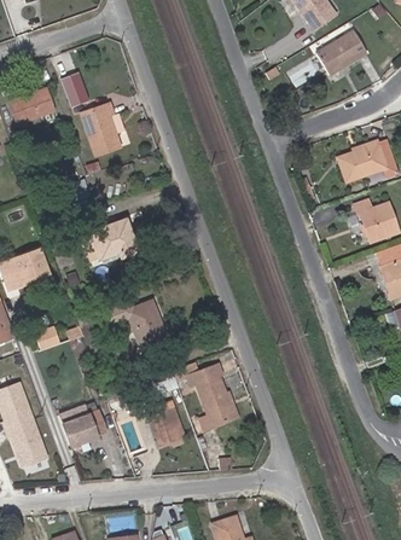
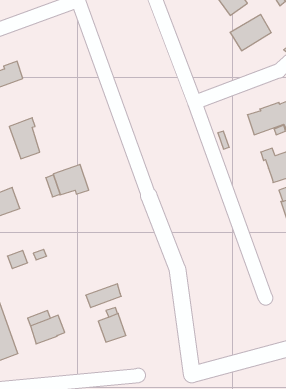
building: [63,71,92,106] -> none
building: [81,104,120,156] -> [9,118,40,159]
building: [100,302,167,349] -> none
building: [186,361,242,431] -> none

